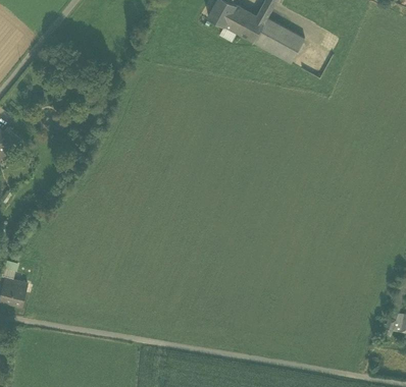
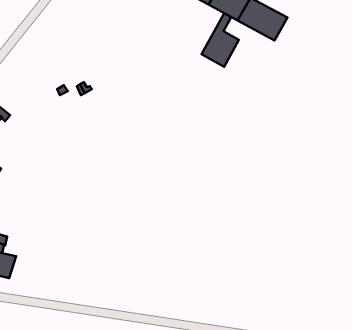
building: none -> [202,13,239,67]

